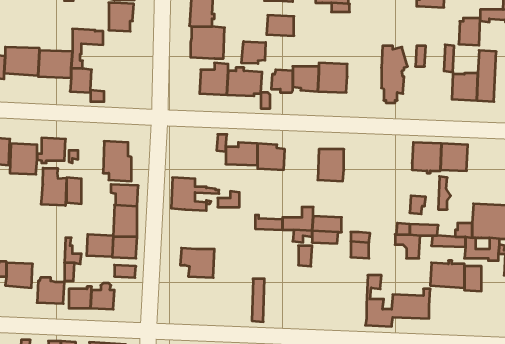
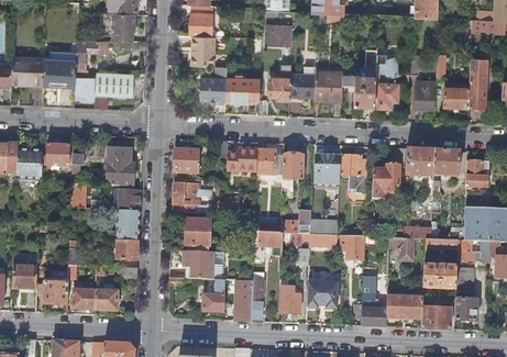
building: [459,18,480,45] -> [415,83,436,110]
building: [242,41,266,64] -> none
building: none -> [342,67,375,105]
building: none -> [95,74,133,97]
building: none -> [173,148,197,172]
building: none -> [371,148,406,199]
building: none -> [280,155,301,196]
building: none -> [339,155,366,193]
building: none -> [464,160,486,187]
building: [41,168,67,206] -> none
building: none -> [170,212,211,252]
building: none -> [253,232,282,255]
building: [87,234,113,257] -> none
building: none -> [201,279,223,312]
building: none -> [233,280,251,321]
building: none -> [306,281,337,308]
building: none -> [277,286,299,314]
building: none -> [454,299,476,321]
building: none -> [420,306,450,330]

